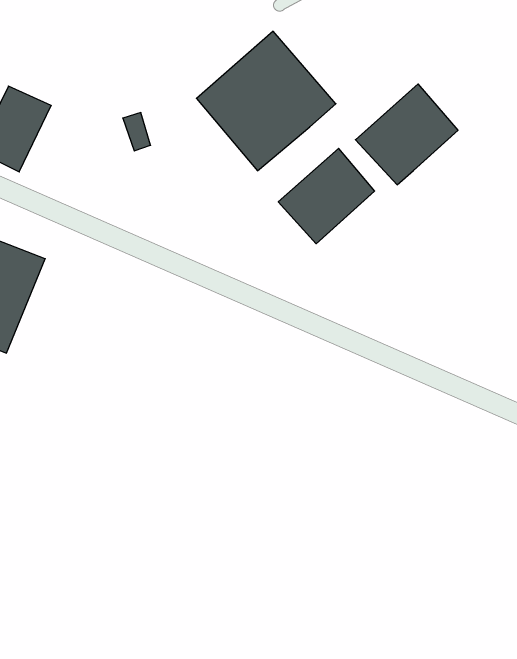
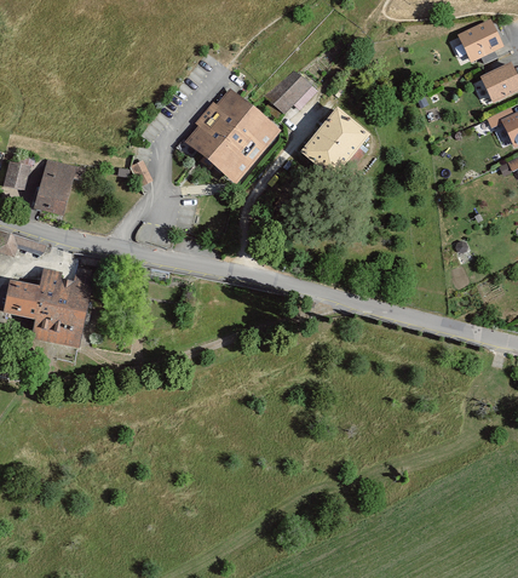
building: none -> [272,65,318,111]
building: [278,148,375,244] -> none

